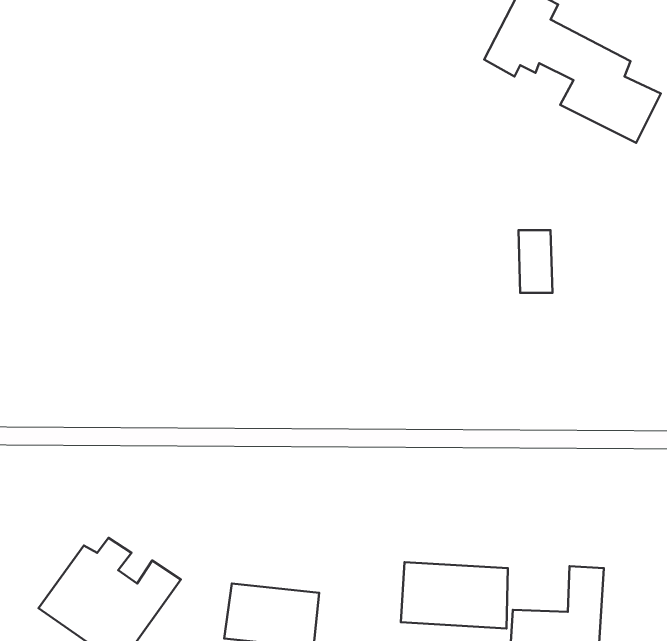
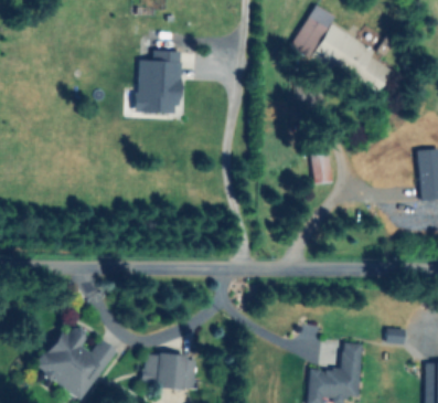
building: none -> [133,50,181,113]
building: [401,562,508,628] -> none

